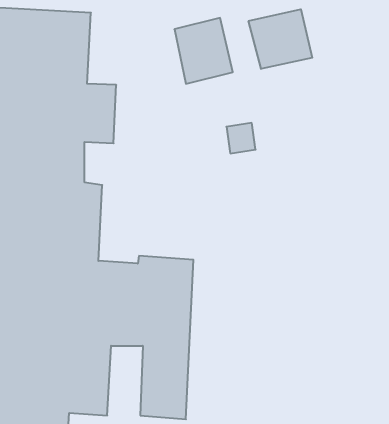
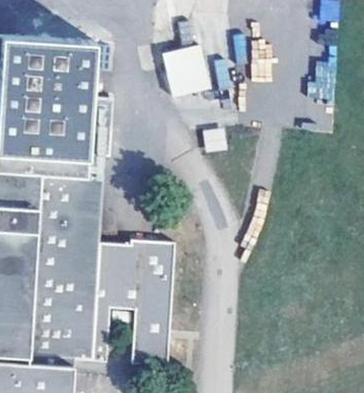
building: [249,9,312,69] -> none

